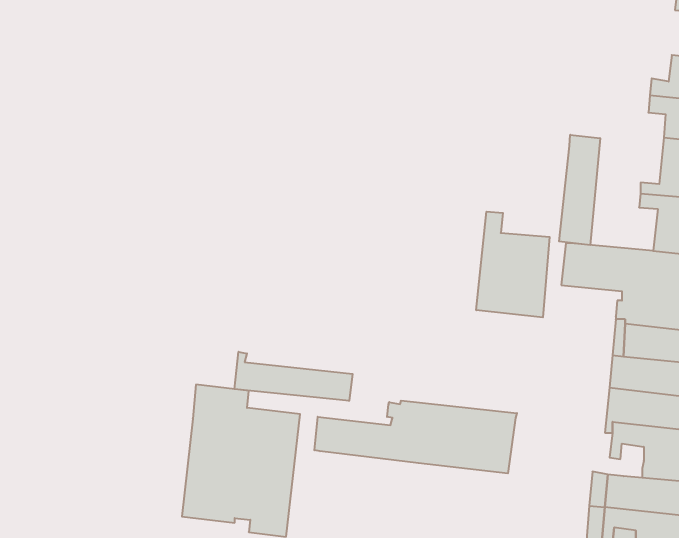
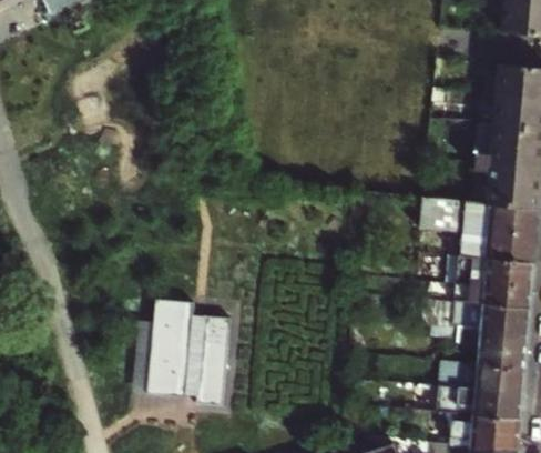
building: [559,135,600,245] -> none
building: [476,212,550,317] -> none
building: [234,352,353,401] -> none
building: [314,401,517,473] -> none

